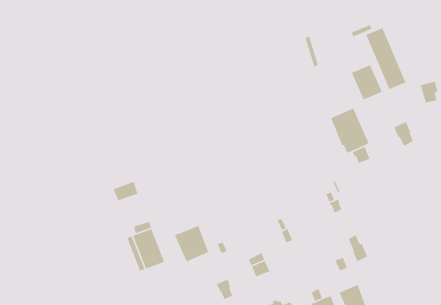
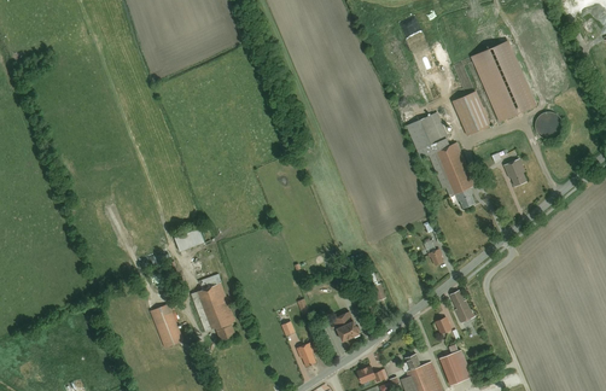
building: none -> [493,39,537,111]
building: none -> [406,111,450,157]
building: [174,225,209,262] -> none
building: none -> [148,303,181,348]

